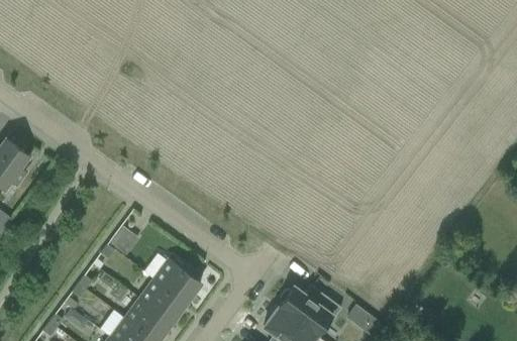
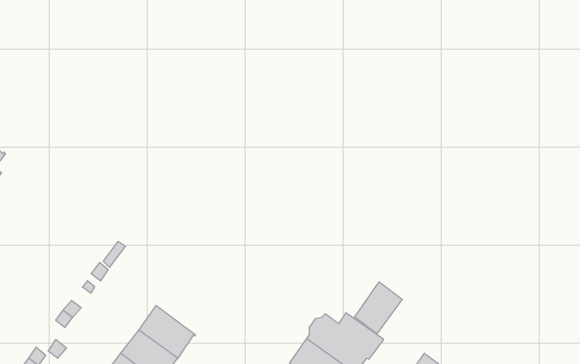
building: [152,259,200,305] -> none
building: none -> [354,282,402,334]

